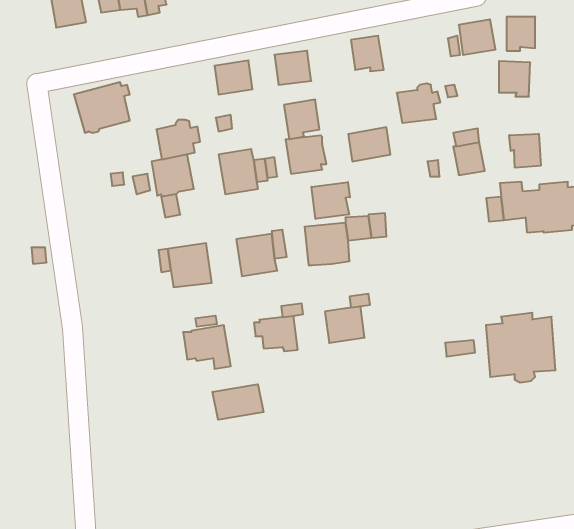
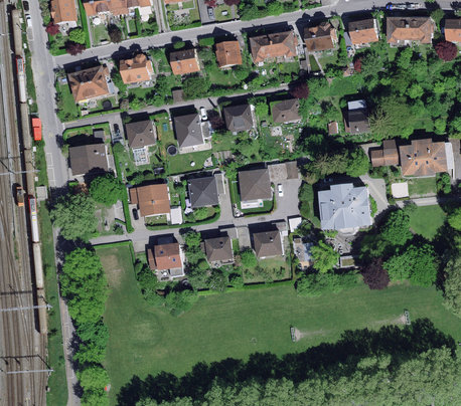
building: [499,61,530,97] -> [408,16,431,42]
building: [397,83,440,123] -> [304,21,336,50]
building: [284,100,319,139] -> [249,33,275,62]
building: [156,120,200,159] -> [121,53,153,82]
building: [509,134,541,168] -> none
building: [311,182,350,219] -> none
building: none -> [68,144,109,176]
building: [486,313,556,382] -> [318,182,369,233]
building: [213,384,264,420] -> none

